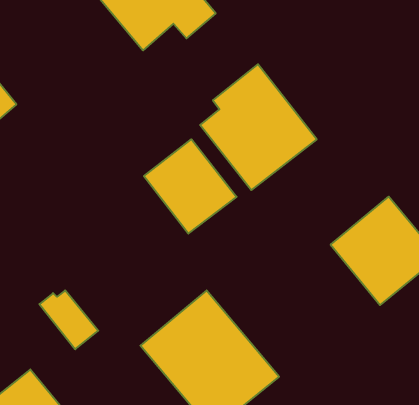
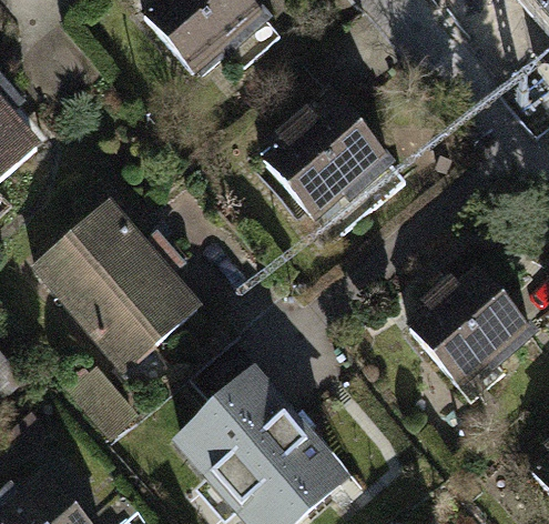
building: [144,139,237,234] -> none
building: none -> [26,201,196,373]

